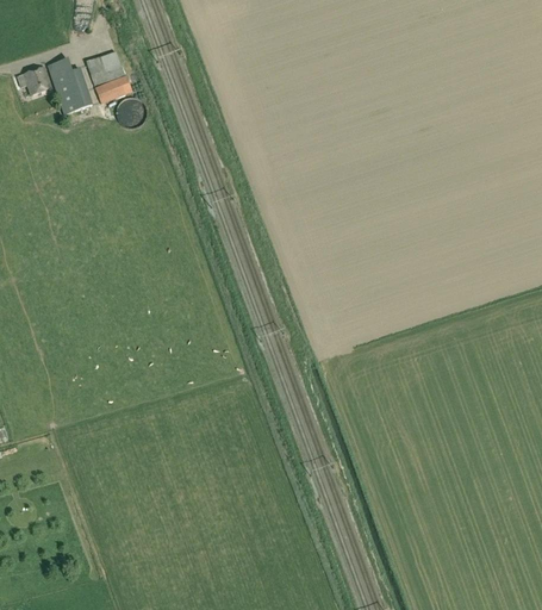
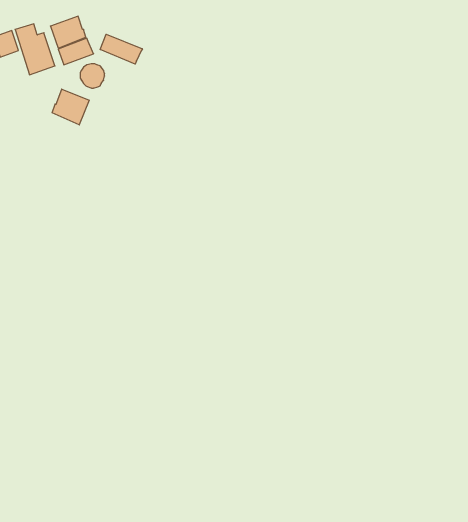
building: none -> [100,34,142,64]
building: none -> [52,89,89,125]

